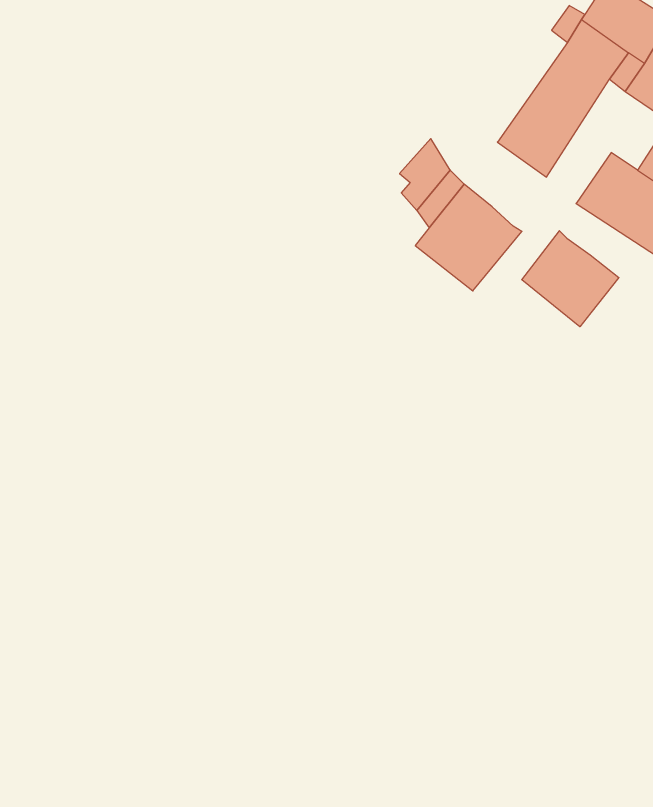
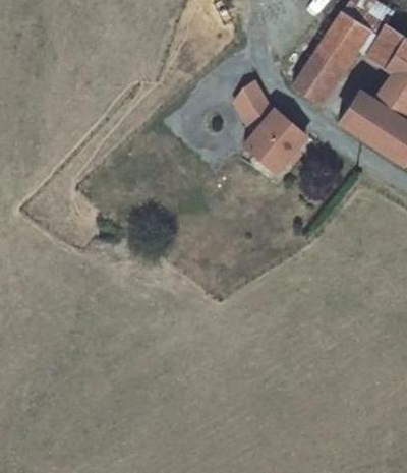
building: [522,231,619,327] -> none

